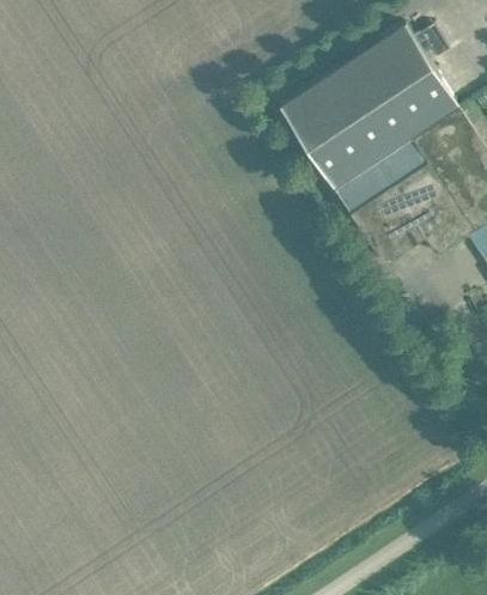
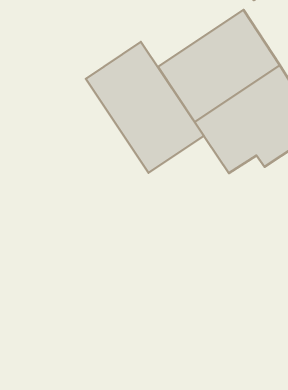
building: none -> [86,42,204,173]

